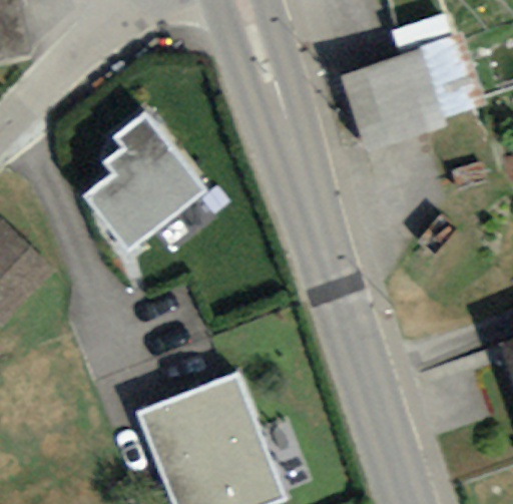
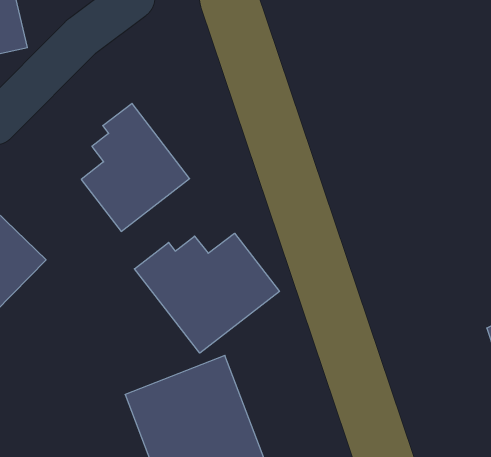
building: [336,31,486,151] -> none
building: none -> [134,233,279,353]

